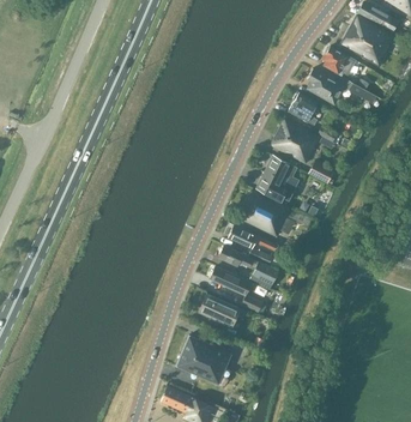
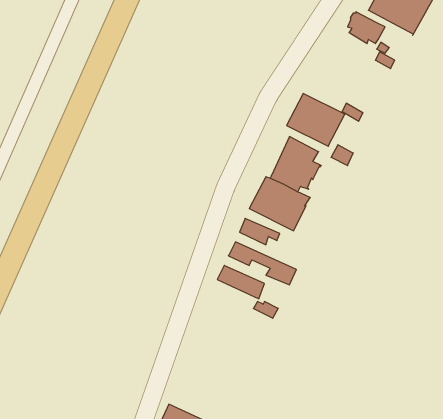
building: [307,70,344,104] -> none
building: [288,94,318,127] -> none
building: [200,295,240,327] -> none
building: [175,337,231,385] -> none

